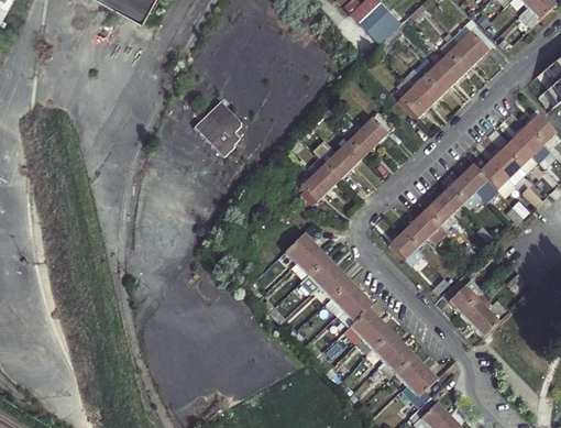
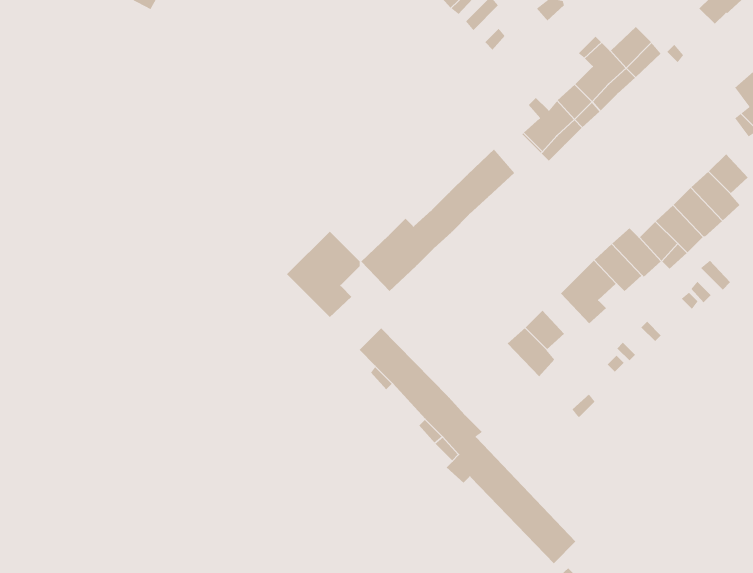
building: [196,98,246,157] -> [286,231,360,318]
building: [413,209,446,243] -> none
building: [441,278,498,337] -> none

